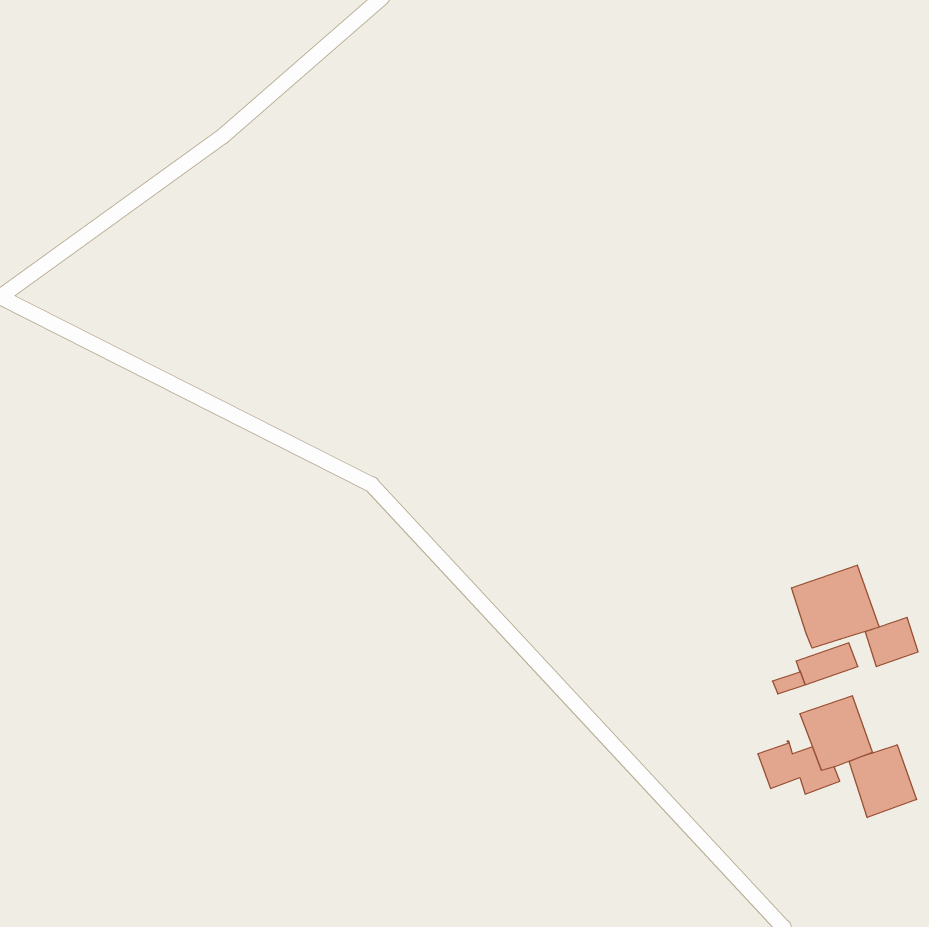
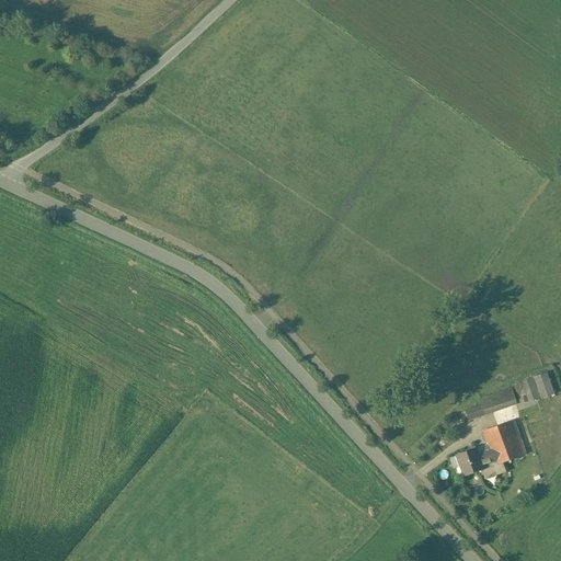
building: [792,565,879,648] -> none
building: [849,745,917,818] -> none

